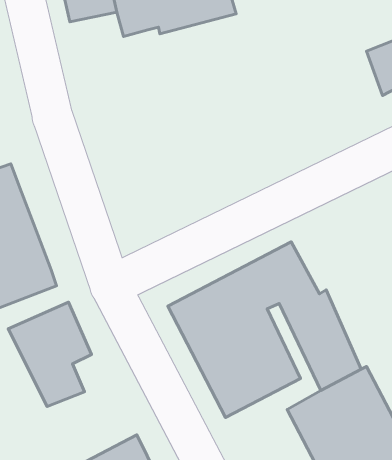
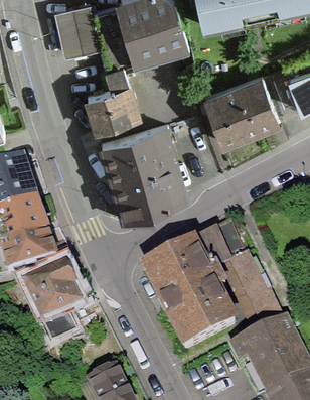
building: none -> [84,62,144,133]
building: none -> [203,76,282,148]
building: none -> [97,124,191,221]

